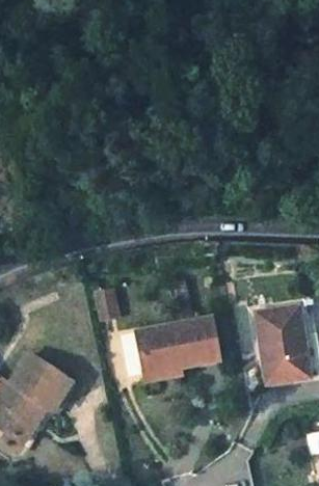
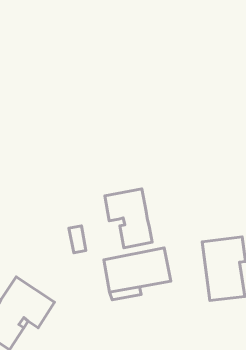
building: none -> [105,189,152,248]

